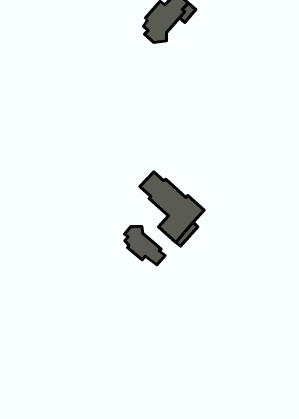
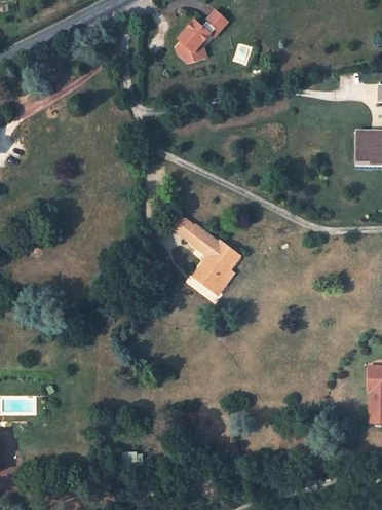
building: [125,226,165,265] -> none

